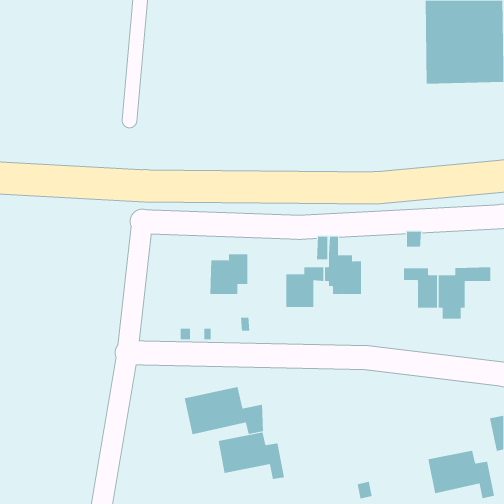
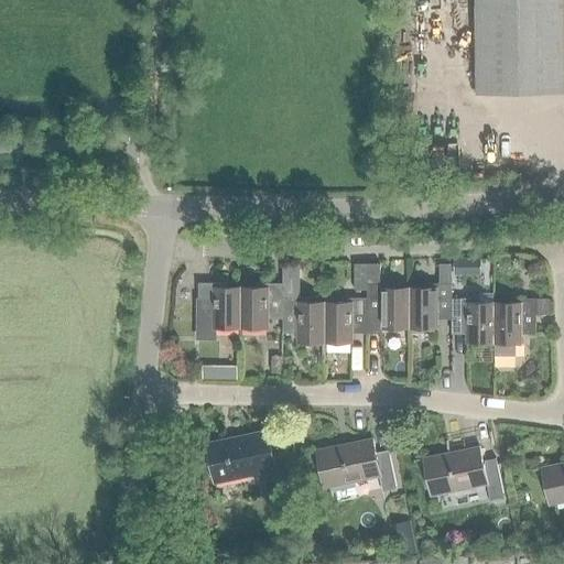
building: none -> [276,265,318,344]
building: none -> [403,265,449,330]
building: none -> [196,284,235,338]
building: [218,432,285,479] -> [321,440,395,492]
building: [427,450,495,499] -> [427,447,502,501]

